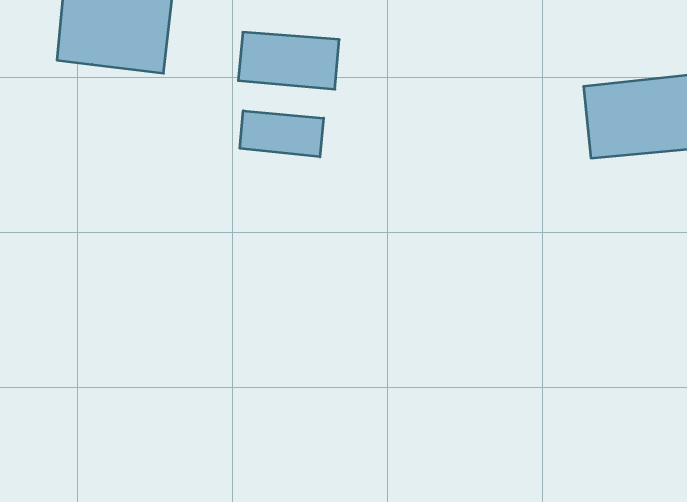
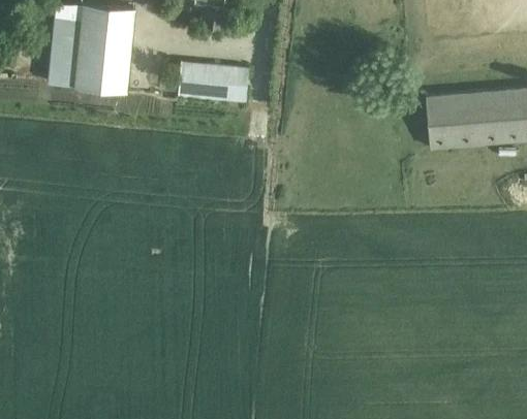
building: [240,111,324,157] -> none

